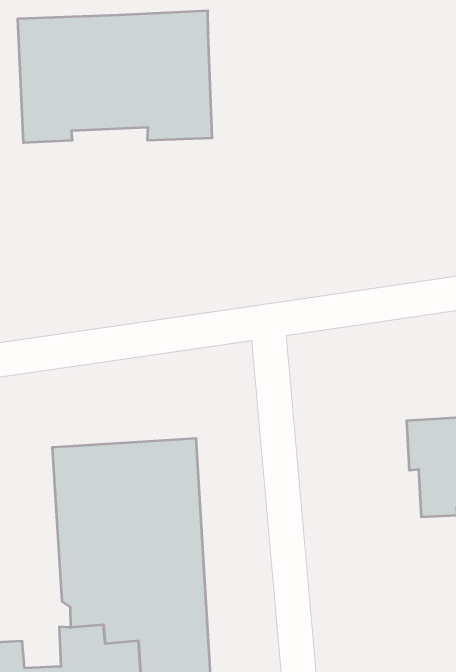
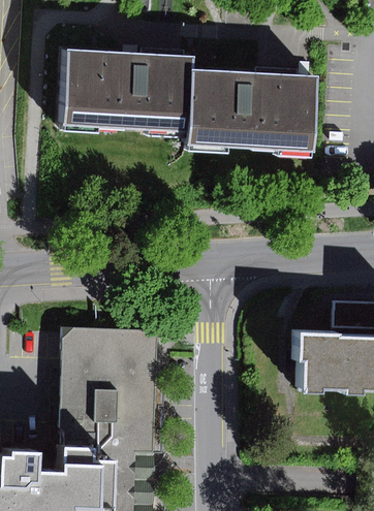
building: none -> [182,68,311,156]

